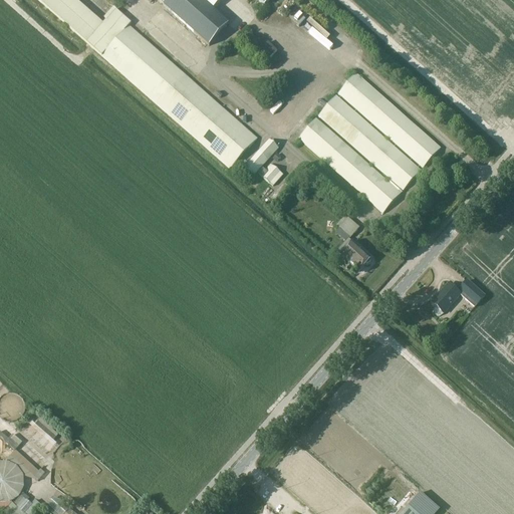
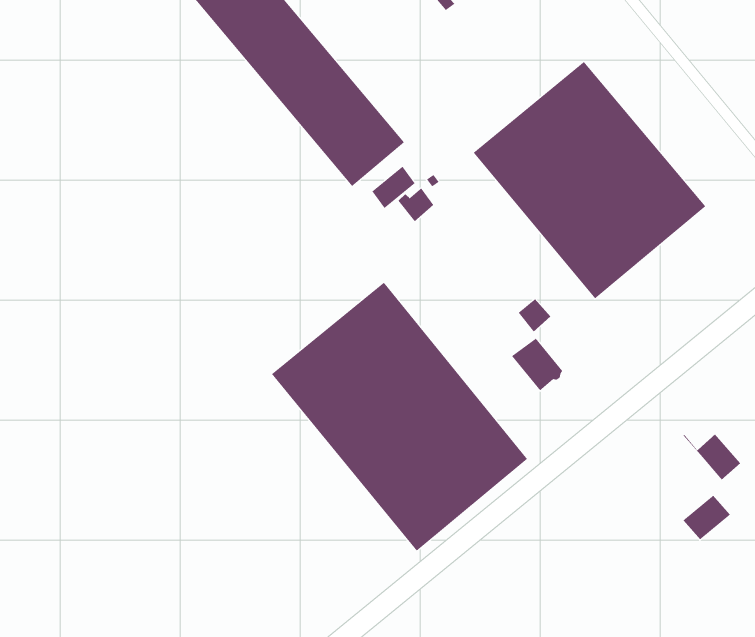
building: none -> [271,282,528,551]
building: [431,283,459,311] -> [682,495,731,540]

